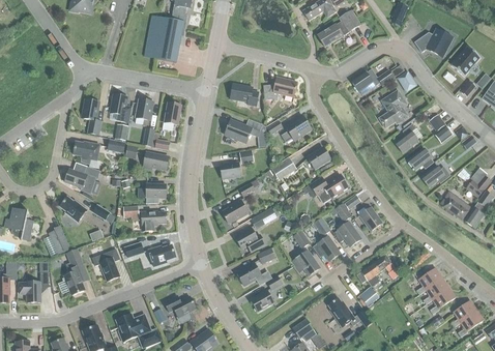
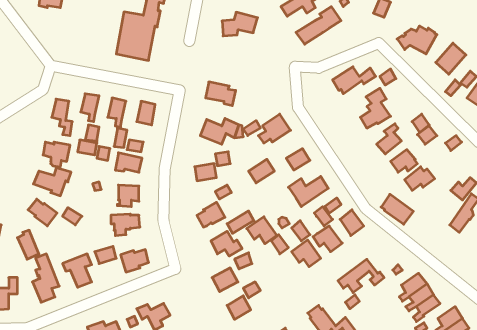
building: [263,77,297,99] -> [222,12,258,36]
building: [440,191,471,220] -> [381,194,413,224]
building: [291,250,320,275] -> [247,217,277,244]

